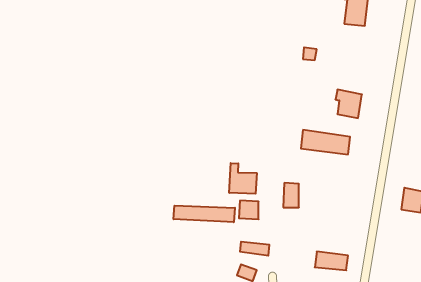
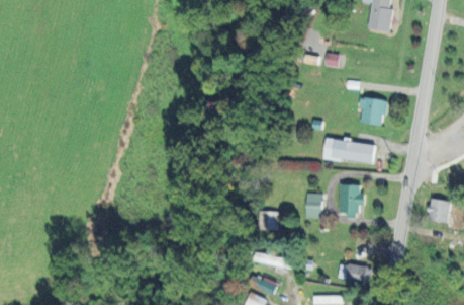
building: [229,163,257,194] -> none
building: none -> [340,184,365,215]
building: [174,206,235,222] -> none

